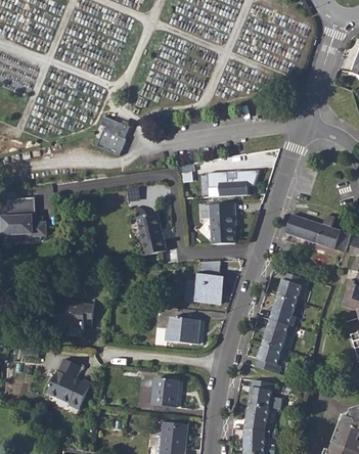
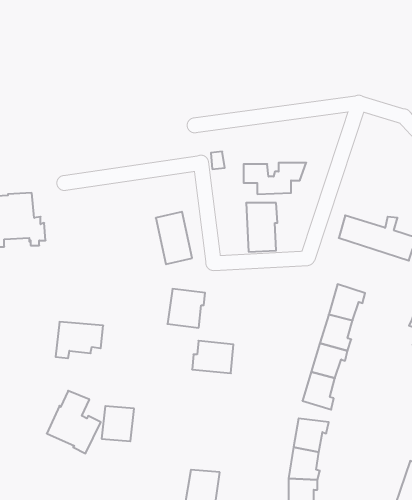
building: [95,116,130,155] -> none
building: [193,272,224,304] -> [167,289,205,328]
building: [151,378,178,407] -> [102,406,134,441]

